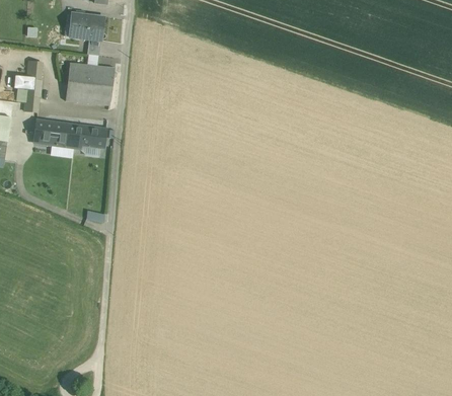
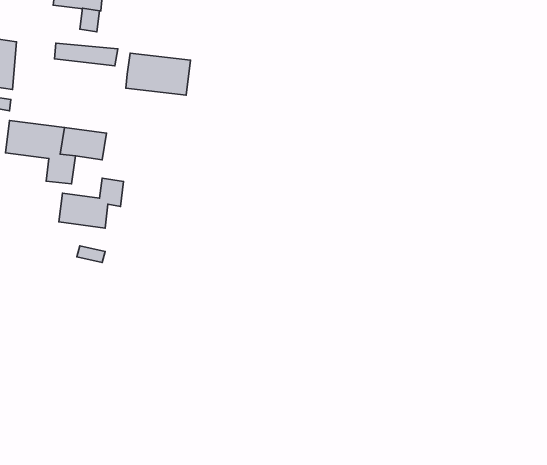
building: [66,74,112,104] -> [126,53,190,95]
building: none -> [59,178,123,228]

